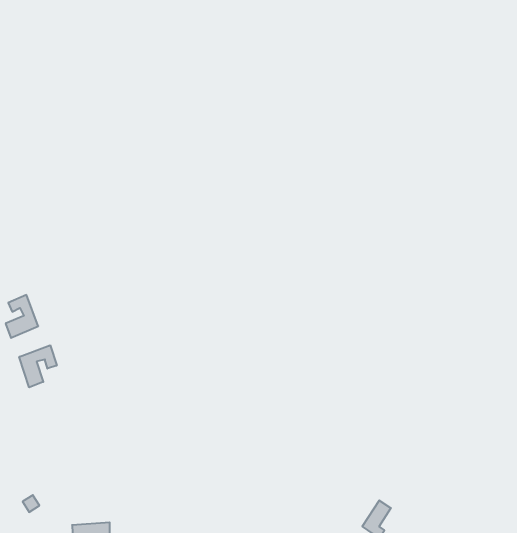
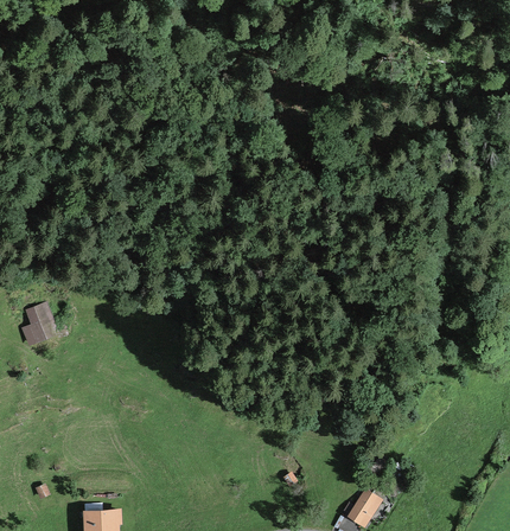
building: [19,345,57,387] -> none

